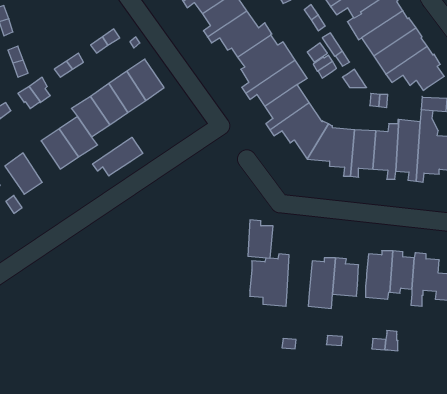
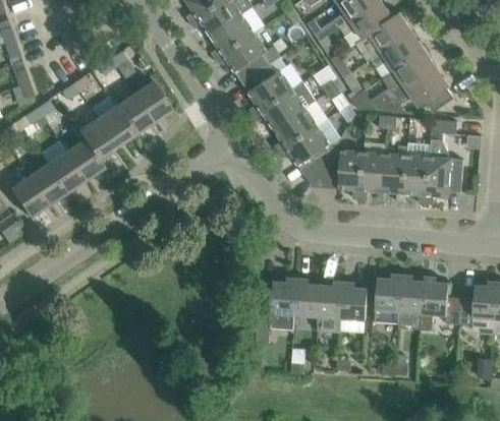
building: [93,137,143,176] -> none
building: none -> [29,164,66,205]
building: [248,220,273,258] -> [295,279,321,317]

